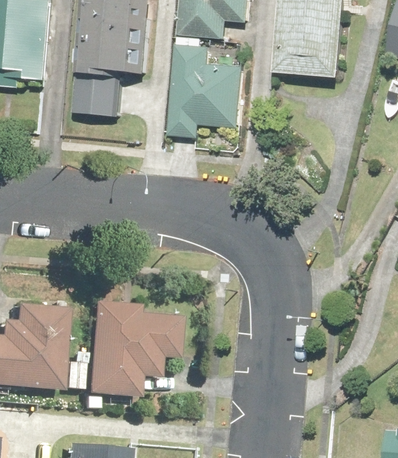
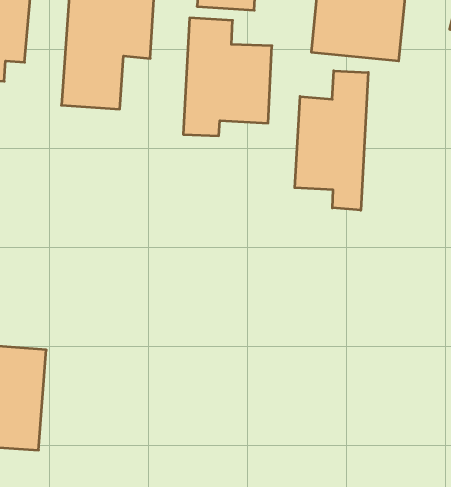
building: none -> [295,71,368,210]
building: [58,300,175,394] -> none

